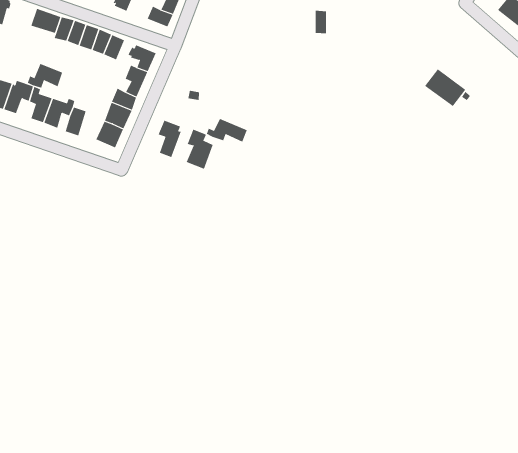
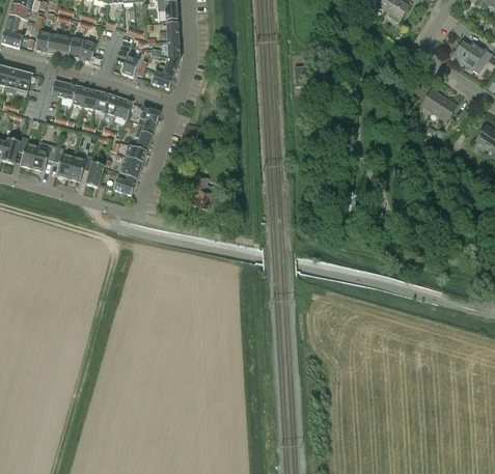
building: [27,63,63,88] -> none
building: [424,69,466,107] -> [420,88,457,120]
building: [206,118,248,143] -> none
building: [158,120,182,158] -> none

